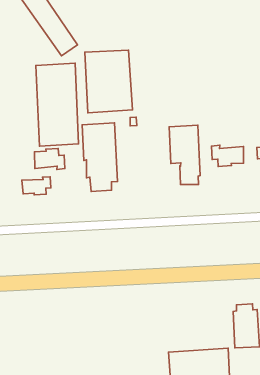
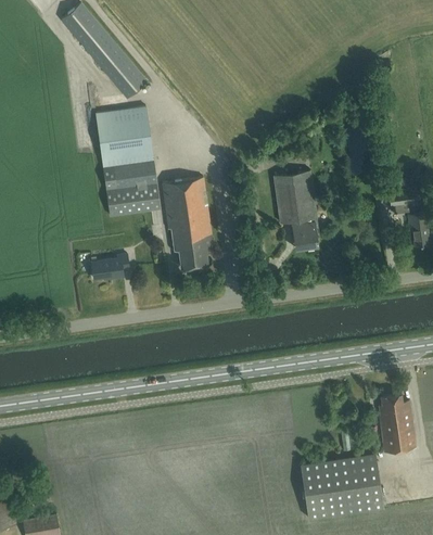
building: [85,50,132,113] -> none
building: [211,145,244,166] -> none
building: [34,148,65,169] -> none

